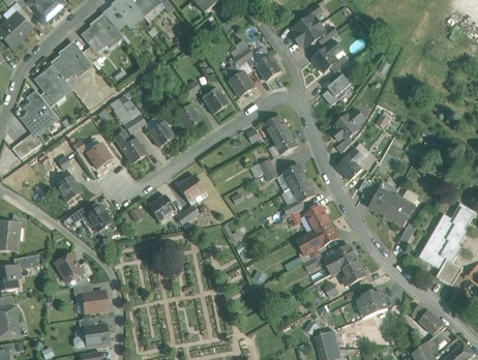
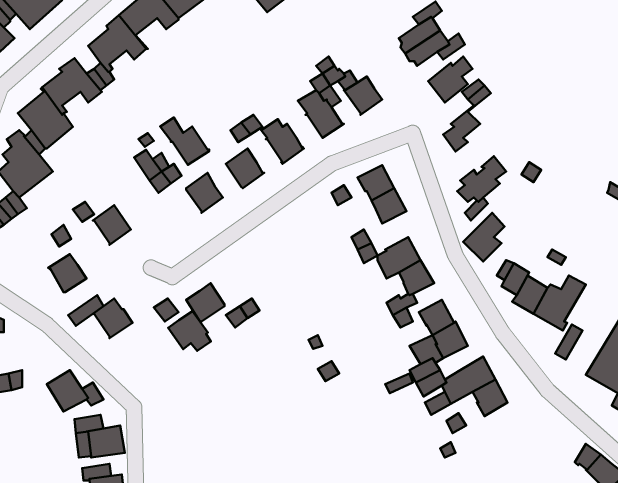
building: [113,131,146,163] -> [160,117,209,165]
building: [177,175,206,202] -> [168,311,211,351]
building: [355,291,387,318] -> none

